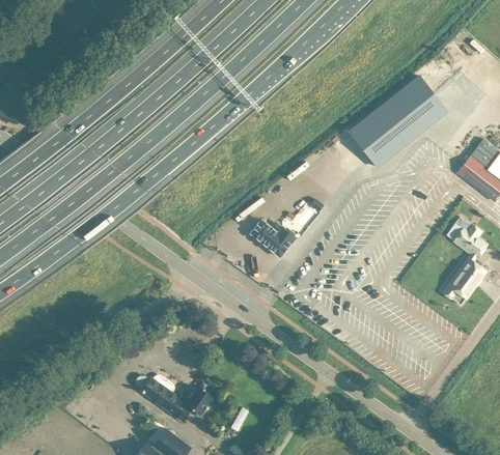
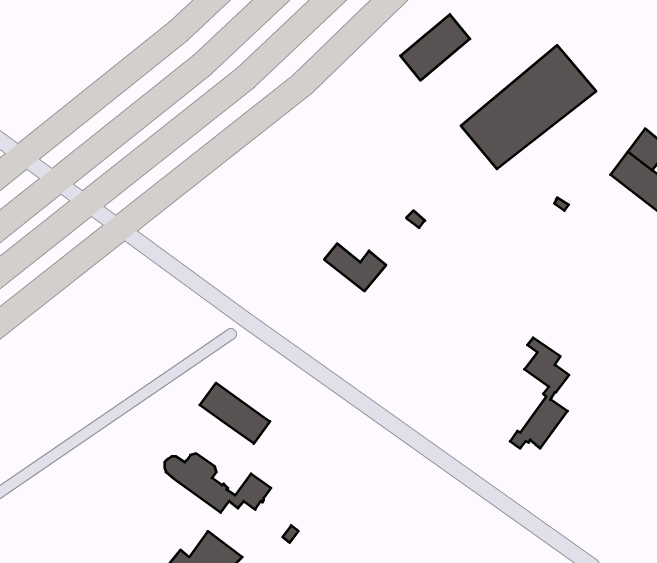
building: none -> [400,14,470,80]
building: [442,218,484,297] -> [510,338,569,448]
building: none -> [200,383,270,444]

